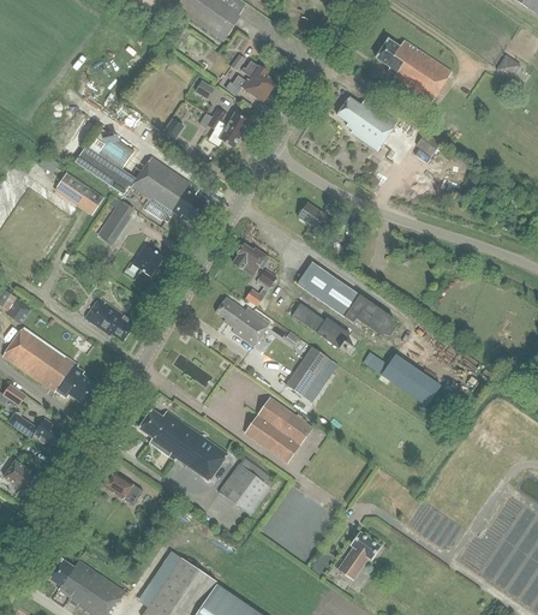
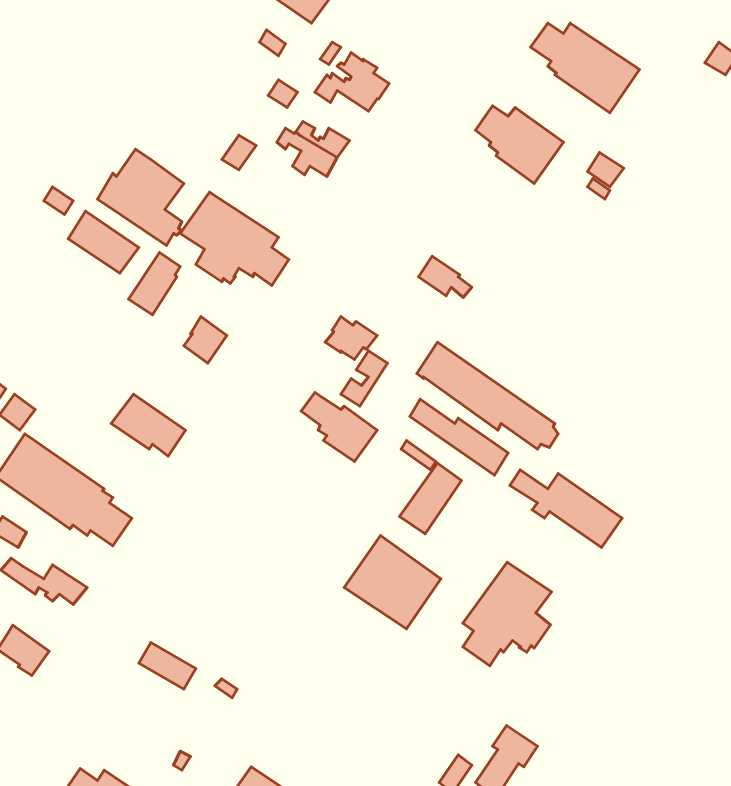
building: [138,410,227,480] -> none
building: none -> [463,562,552,666]
building: [217,464,270,515] -> none

